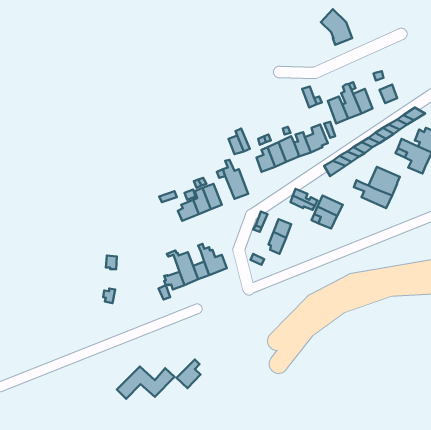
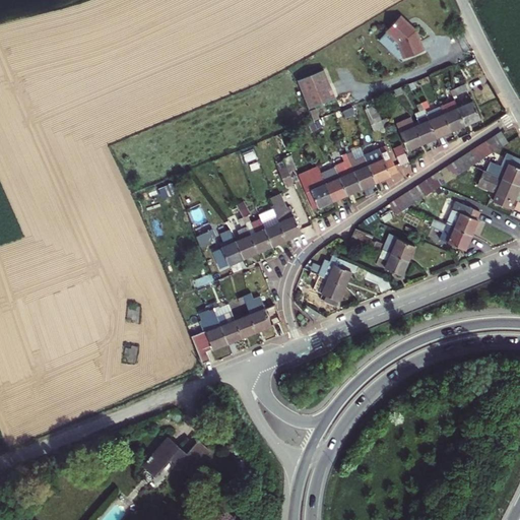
building: none -> [301,72,337,111]
building: none -> [439,103,464,133]
building: none -> [258,217,283,249]
building: [177,359,200,388] -> none

